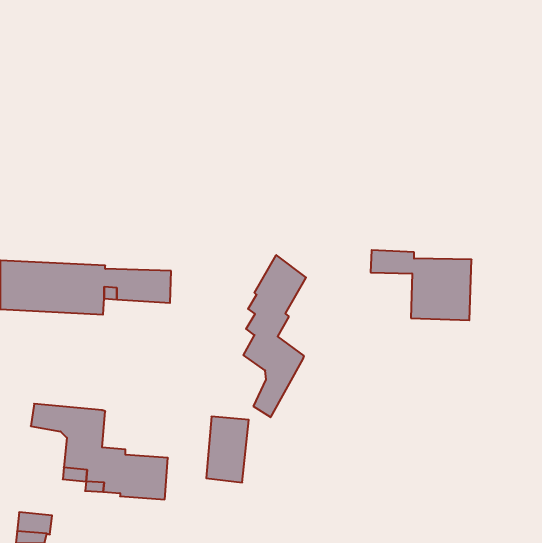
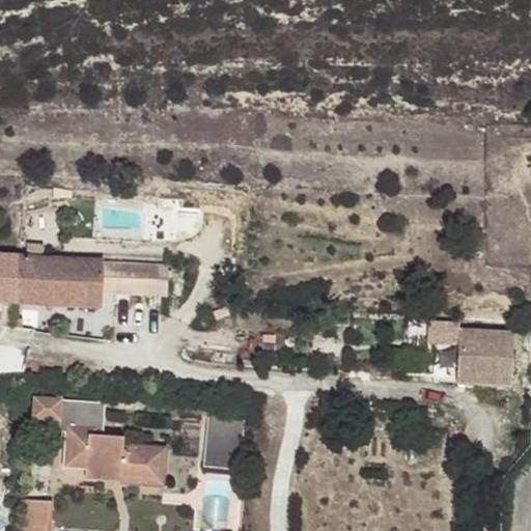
building: [371,250,472,320] -> [415,317,513,386]
building: [243,255,306,417] -> none

